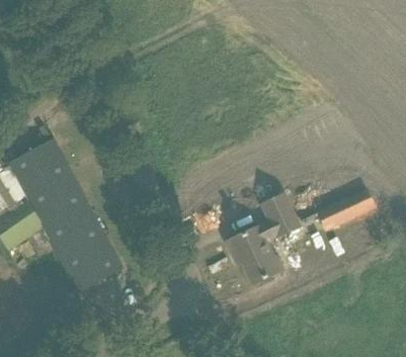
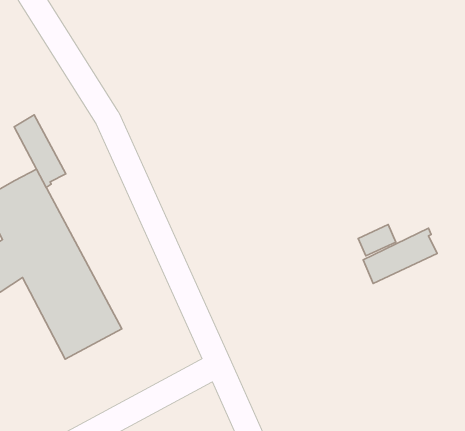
building: none -> [14,115,66,187]
building: [227,193,299,284] -> none

